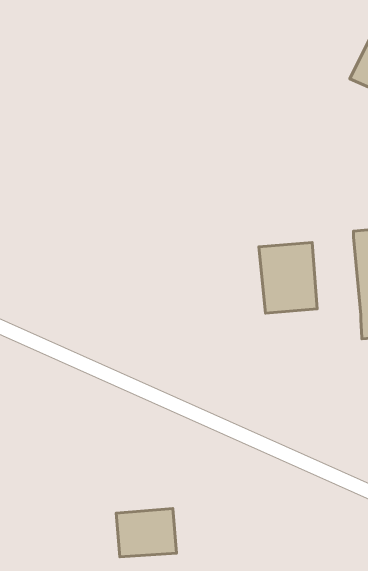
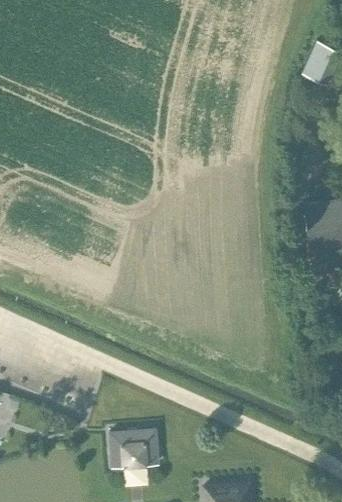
building: [259,243,317,313] -> none

